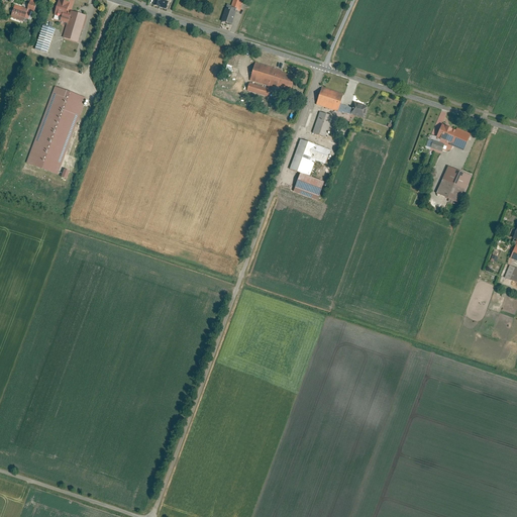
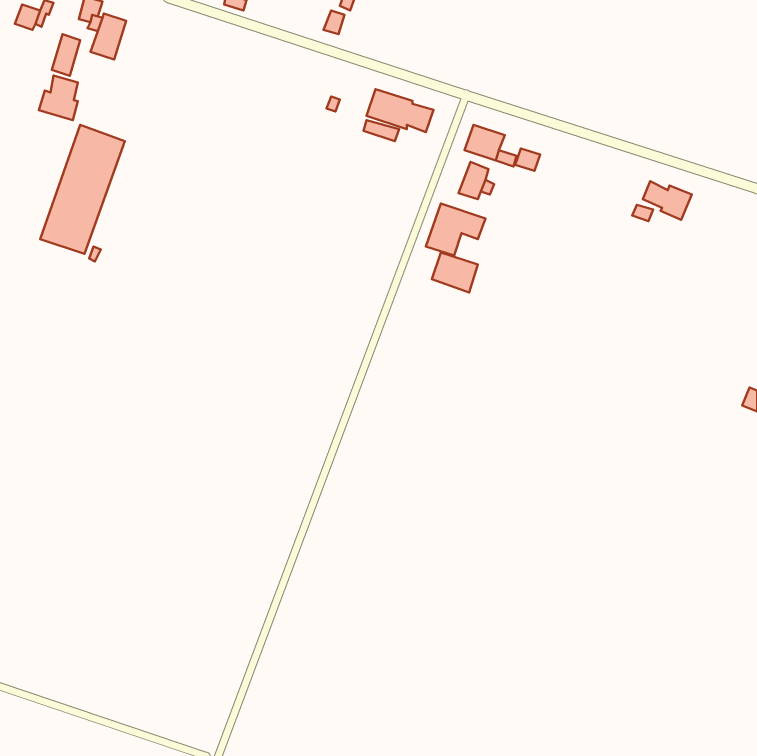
building: none -> [39,76,78,120]
building: [437,165,471,204] -> none

